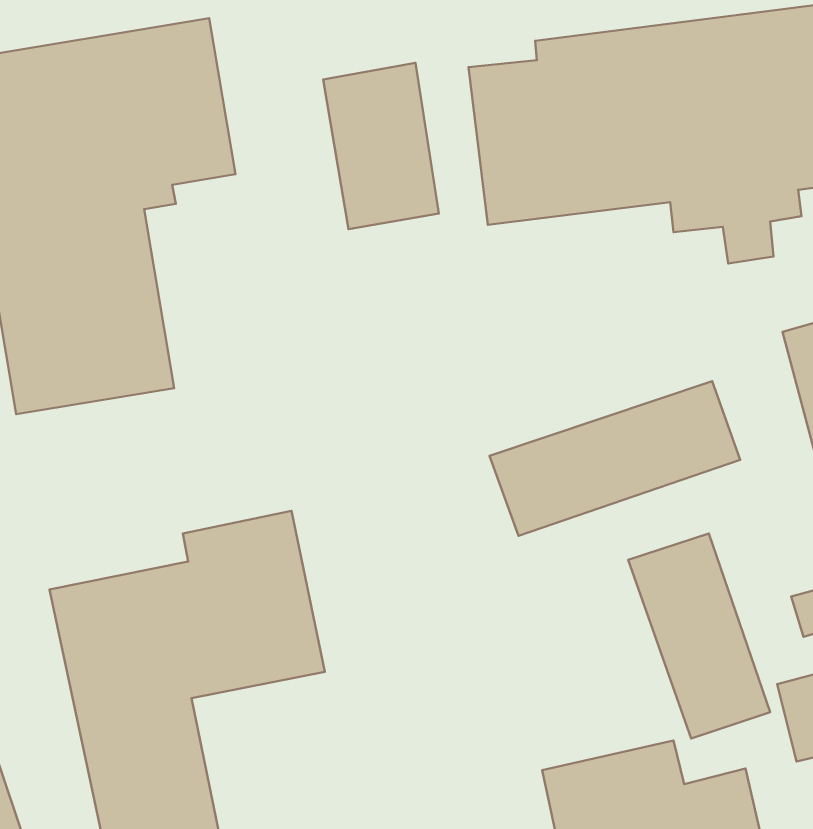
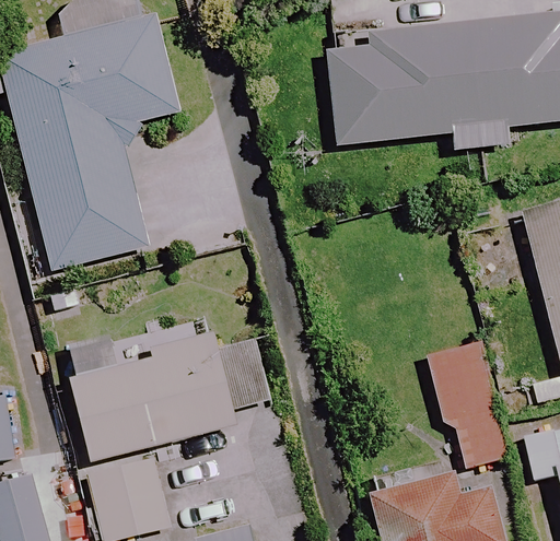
building: [323,63,439,229] -> none
building: [490,381,740,536] -> none

